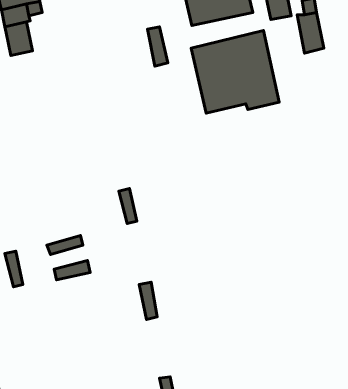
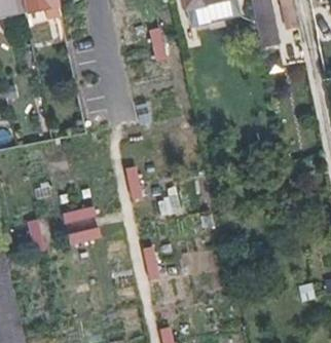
building: [191,31,279,113] -> none

